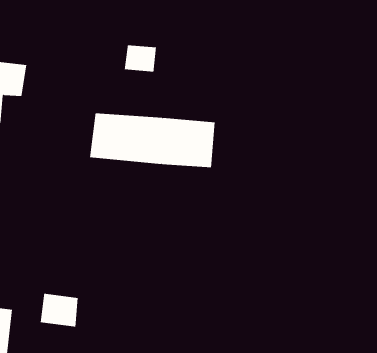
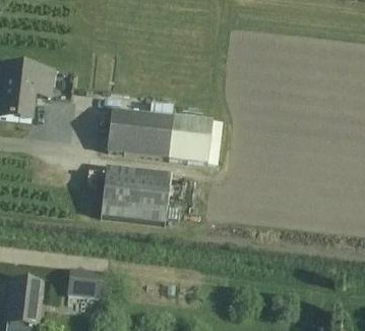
building: [124,45,156,73] -> none
building: none -> [100,166,171,222]

